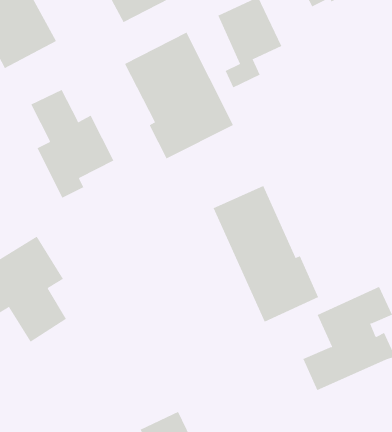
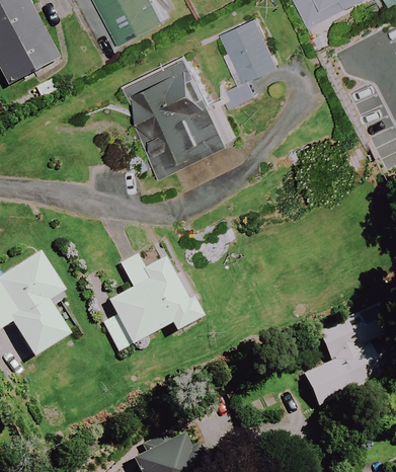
building: [31,89,114,199] -> none
building: [213,185,319,322] -> none
building: none -> [100,253,202,352]

